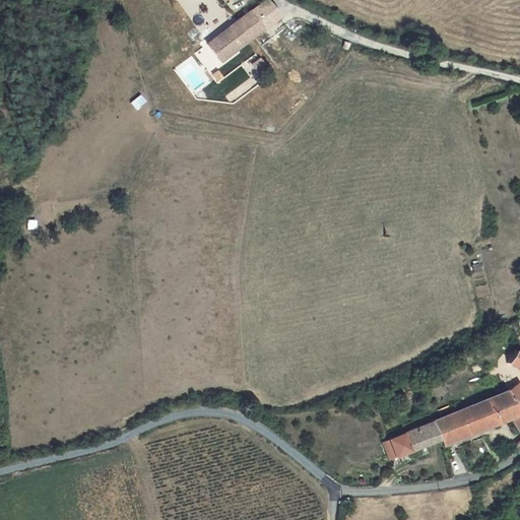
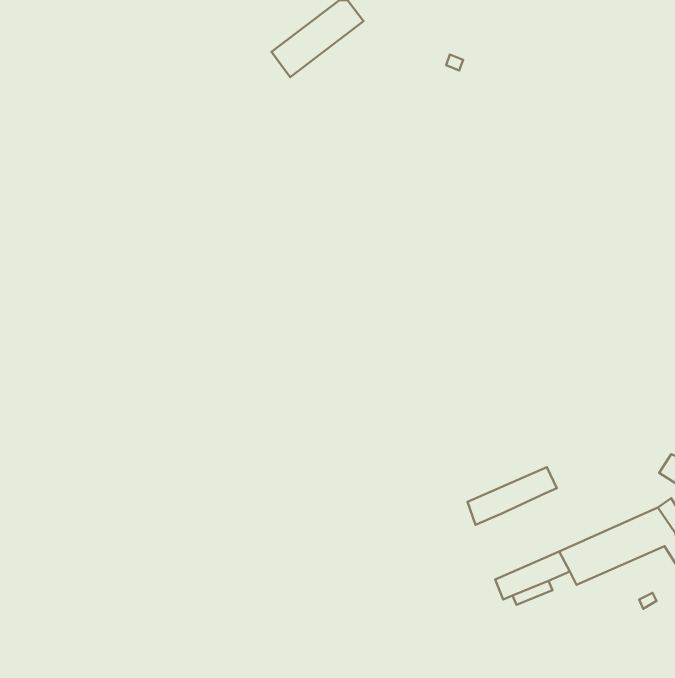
building: none -> [468,467,557,525]

